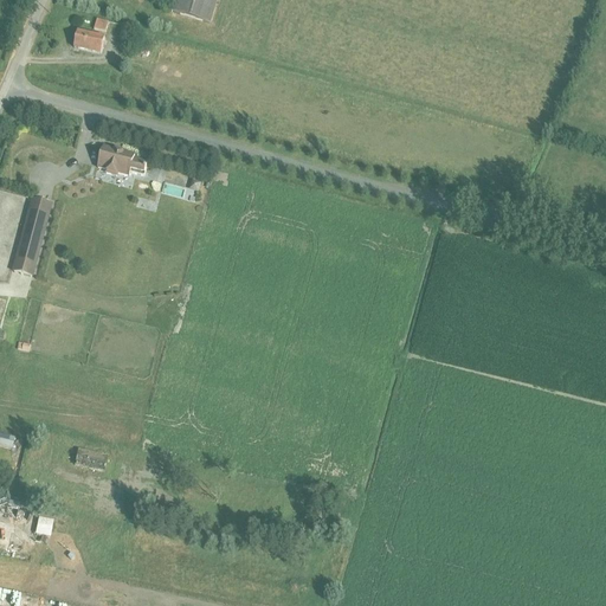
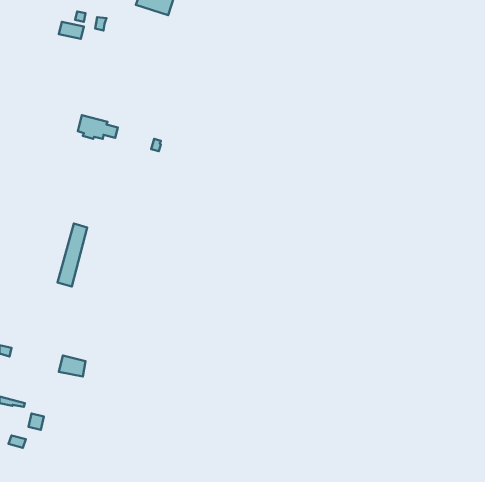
building: [13,195,50,273] -> [58,224,87,286]

